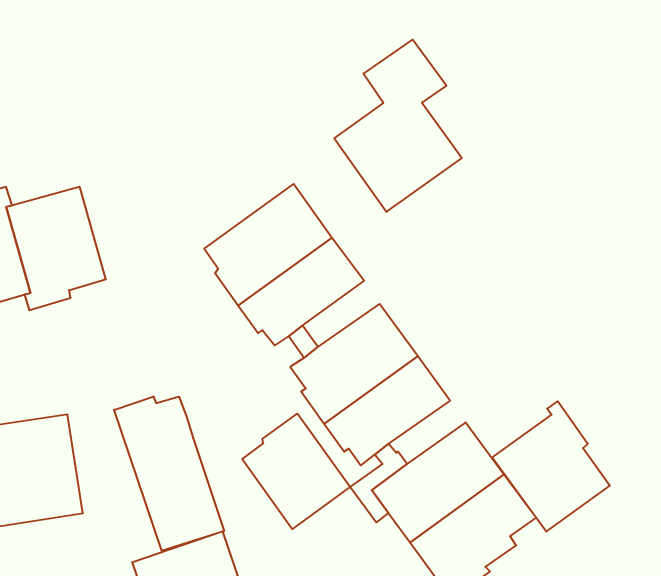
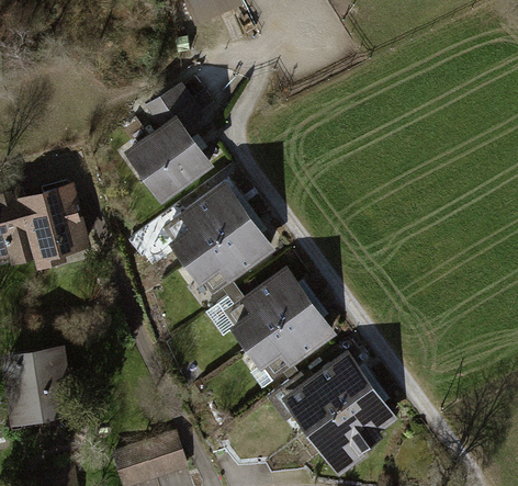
building: [334,40,462,212] -> [123,81,214,204]
building: [114,396,224,551] -> none
building: [492,401,610,532] -> none
building: [242,414,350,529] -> none

